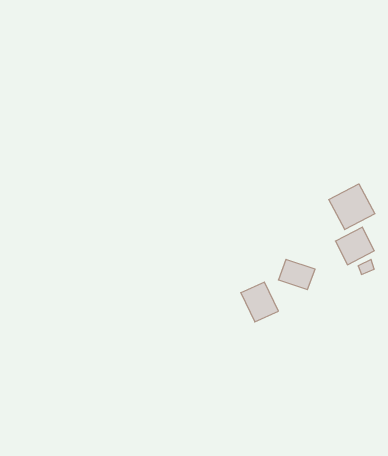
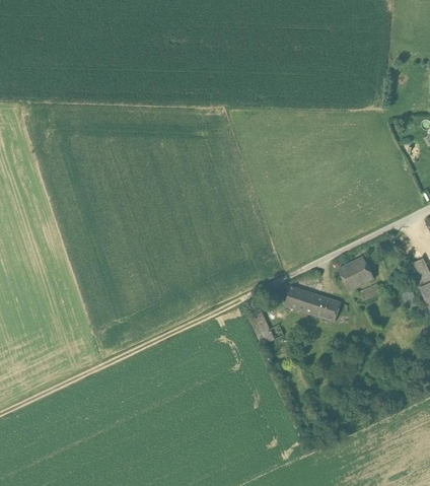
building: [329,184,375,230] -> none
building: none -> [311,295,341,322]

